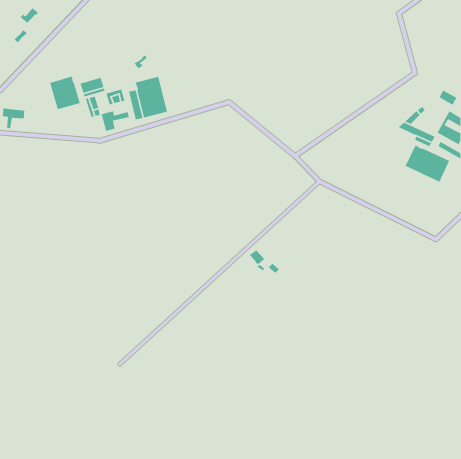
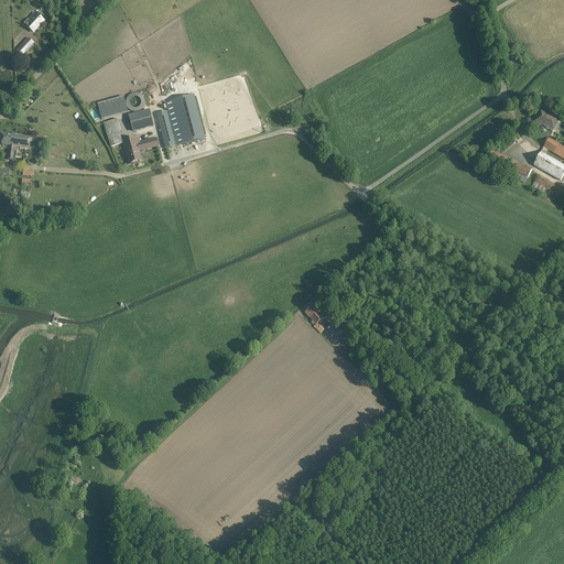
building: [49,76,81,110] -> none
building: [405,144,450,183] -> none

